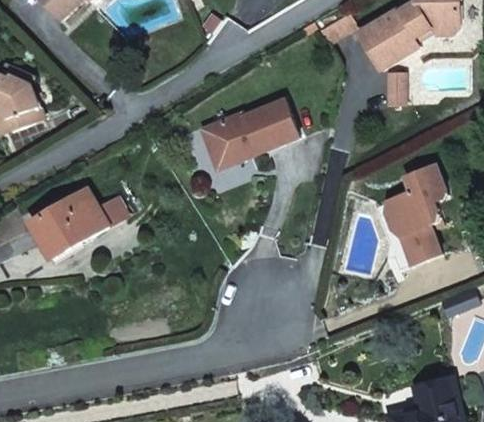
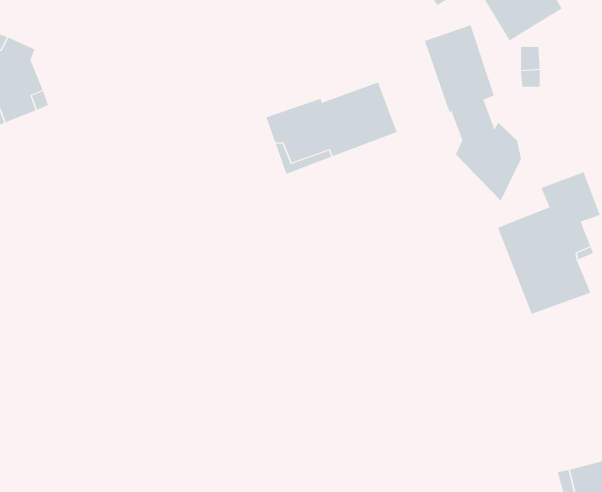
building: none -> [424,25,521,201]
building: [29,189,123,259] -> none

